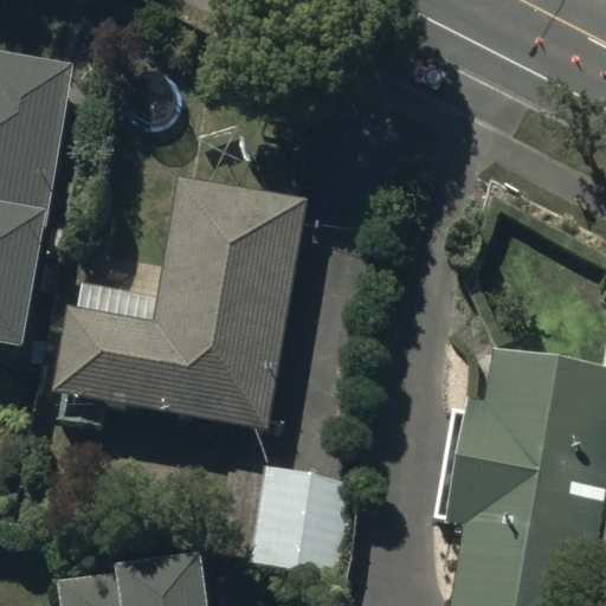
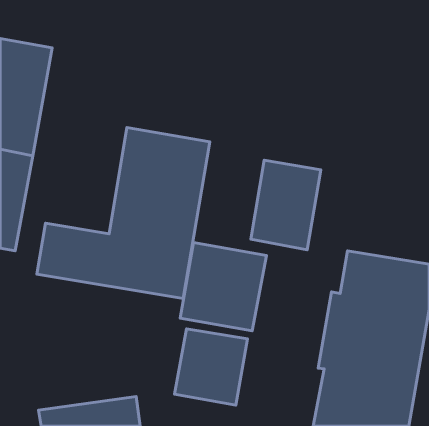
building: none -> [251,160,321,250]
building: none -> [180,242,267,331]

